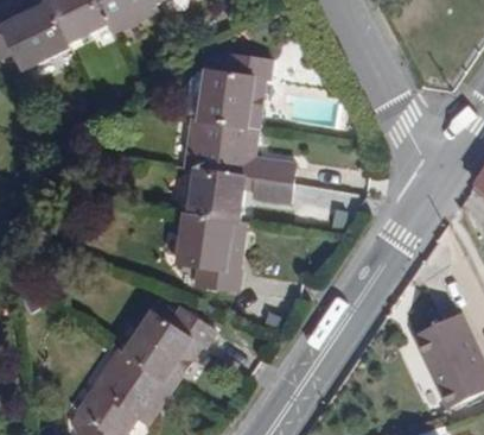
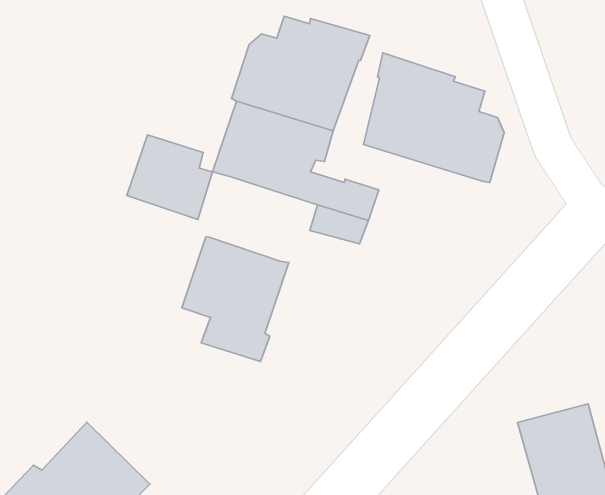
building: none -> [364,53,504,183]
building: [185,175,240,226] -> [127,135,213,219]
building: [123,309,215,389] -> none

